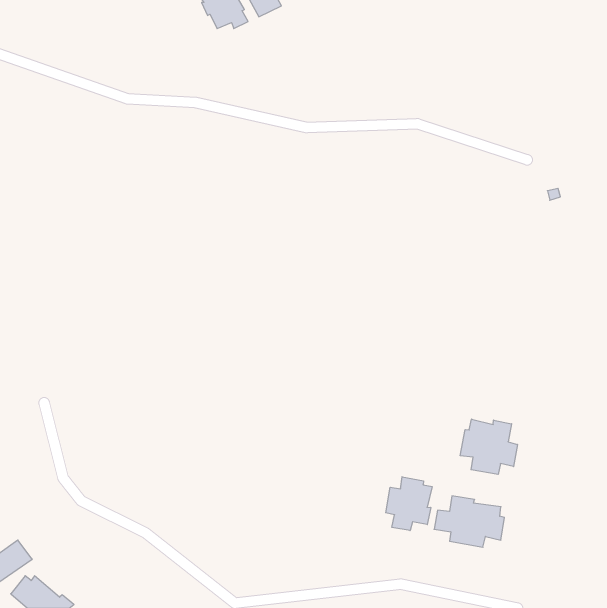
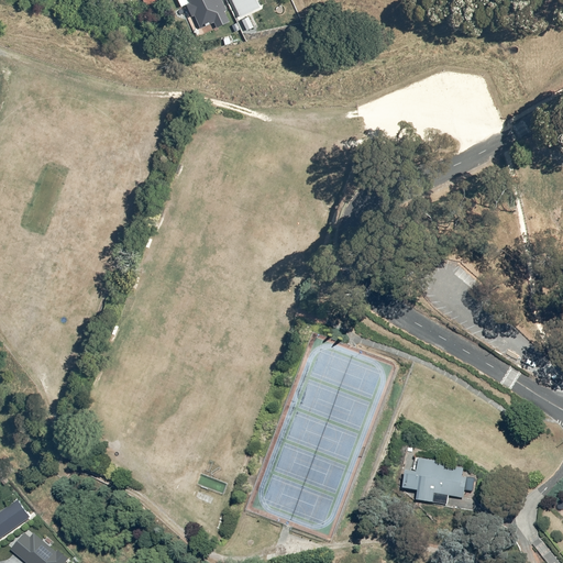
building: [460,419,517,474] -> none
building: [386,477,432,531] -> none

